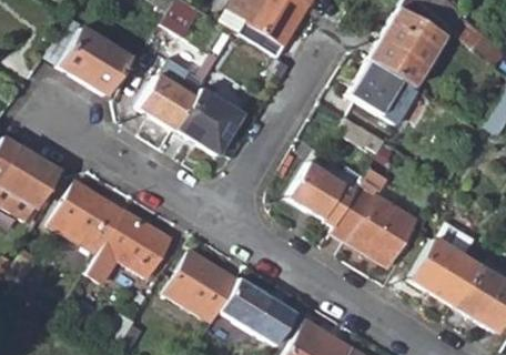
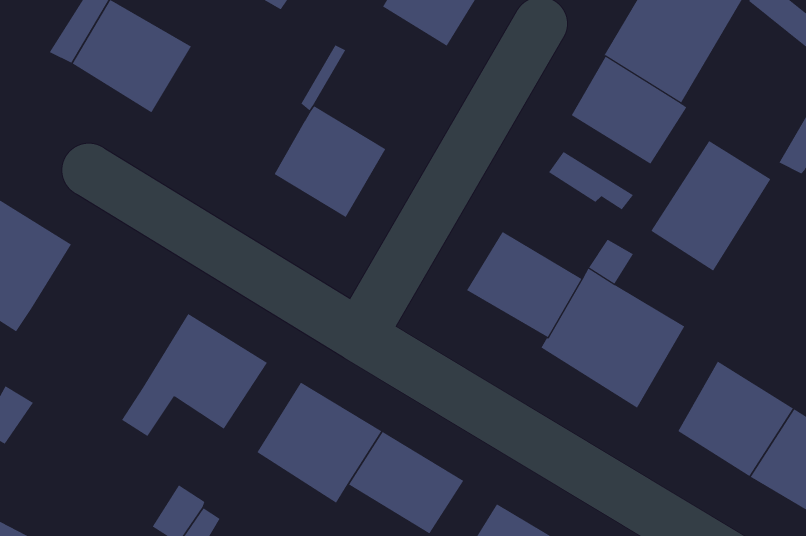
building: [139,58,194,130] -> none
building: none -> [651,140,771,272]
building: [51,181,126,254] -> none

